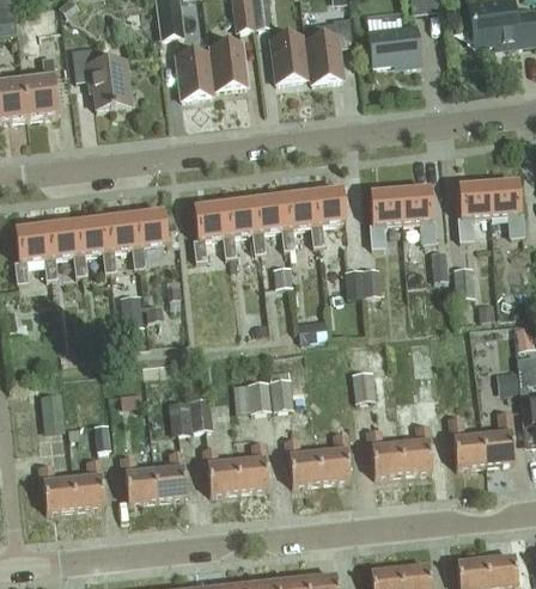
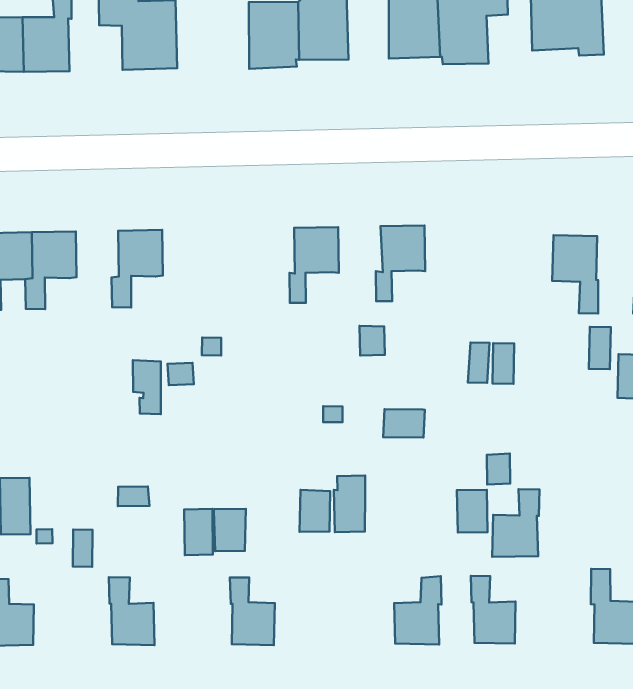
building: [310,190,346,245] -> none
building: [368,191,402,246] -> none
building: [251,197,286,252] -> none
building: [193,204,226,259] -> none
building: [132,211,168,268] -> none
building: [73,219,106,275] -> none
building: [400,423,433,472] -> [492,489,540,557]
building: [286,437,321,484] -> none
building: [236,441,268,490] -> none
building: [153,449,185,498] -> none
building: [72,459,104,507] -> none

